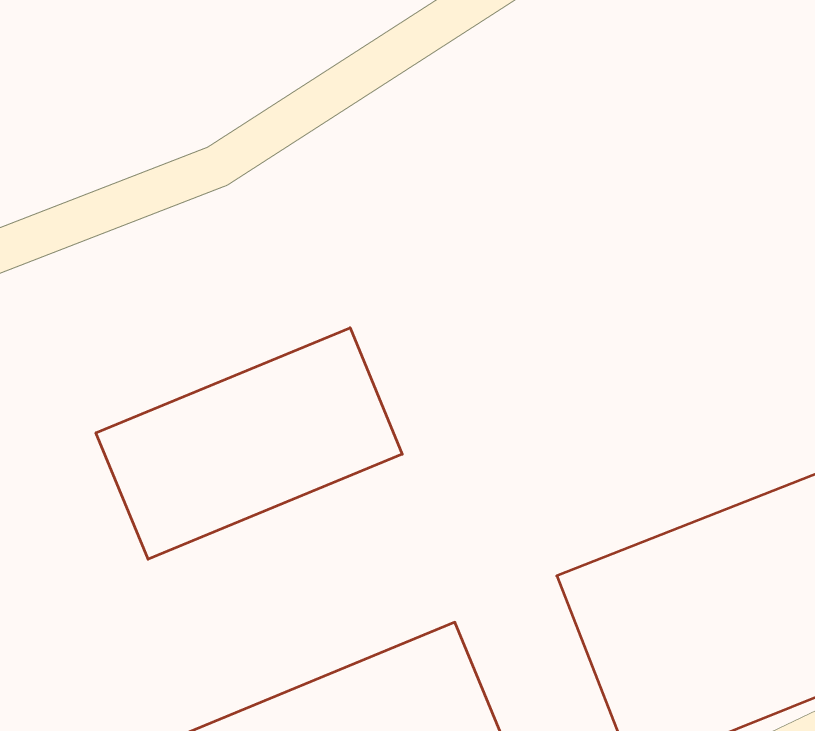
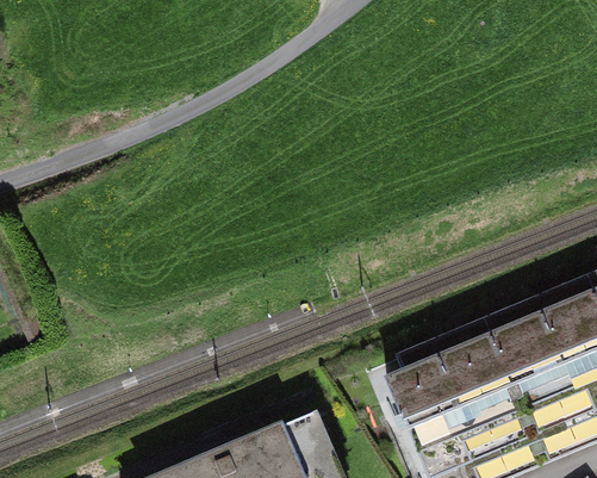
building: [96,328,402,559] -> none

